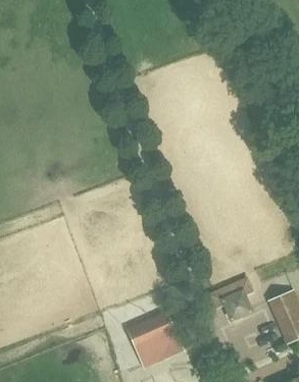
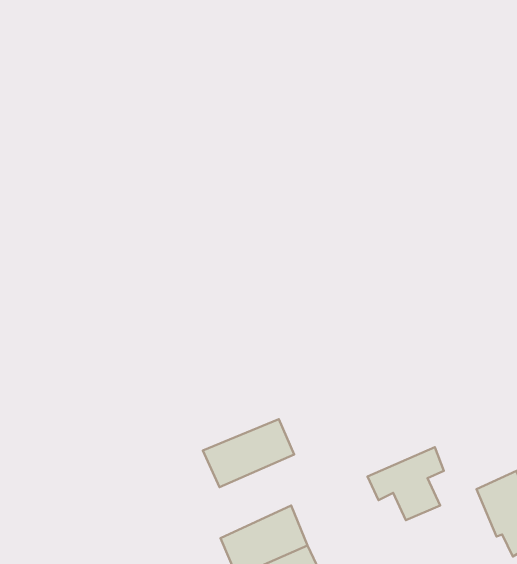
building: none -> [203,419,294,487]

